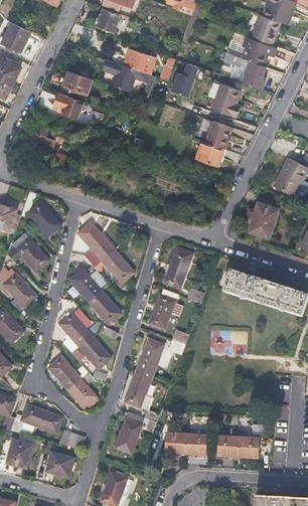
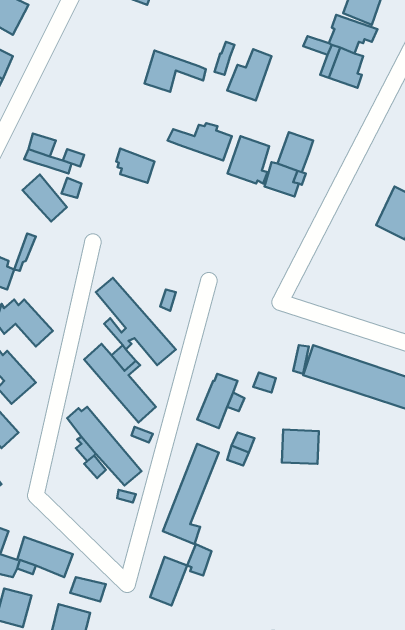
building: [111,46,156,72] -> [167,123,232,161]
building: [63,69,92,93] -> none
building: [211,82,241,116] -> [228,136,269,184]
building: [55,92,83,116] -> [116,148,155,183]
building: [247,200,278,234] -> none
building: [28,201,59,234] -> [23,174,67,222]
building: [165,247,192,288] -> none
building: [48,355,95,405] -> none
building: [165,433,206,454] -> none
building: [217,436,259,458] -> none

